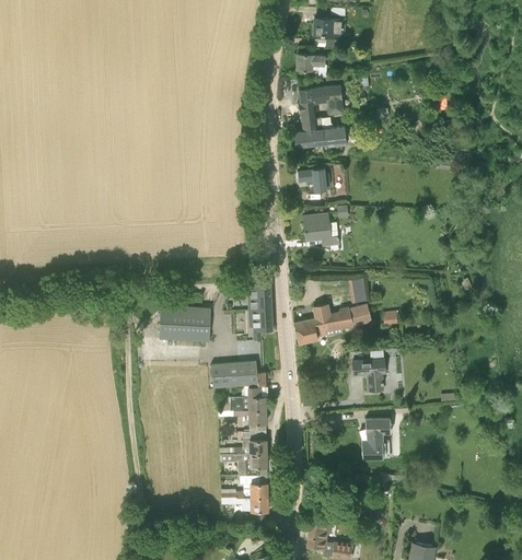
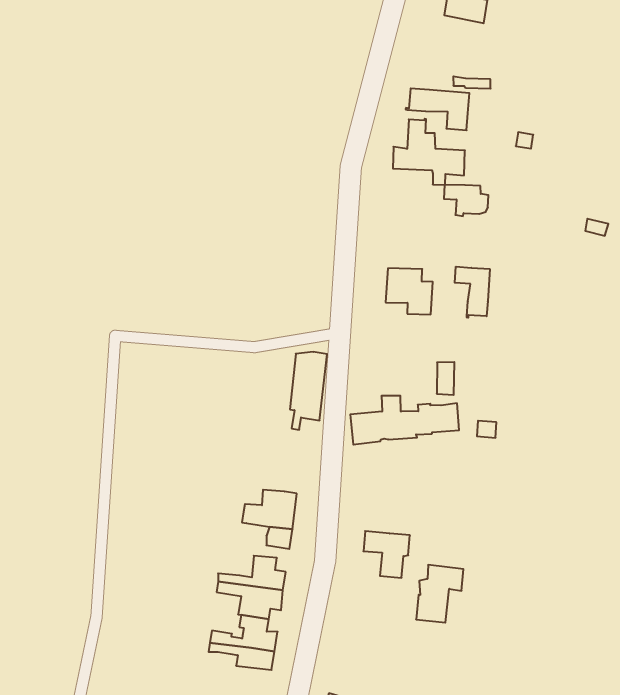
building: [295,54,324,74] -> none
building: [298,168,330,191] -> [444,185,488,216]
building: none -> [455,267,490,318]
building: [160,306,210,341] -> none
building: [352,359,385,390] -> [363,531,410,578]
building: [211,361,265,387] -> none

